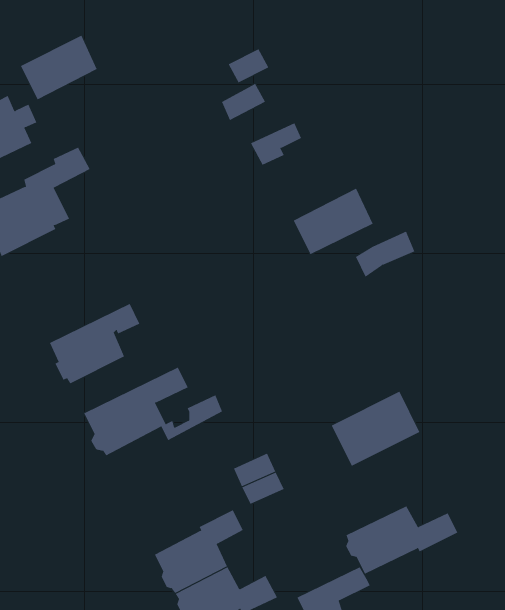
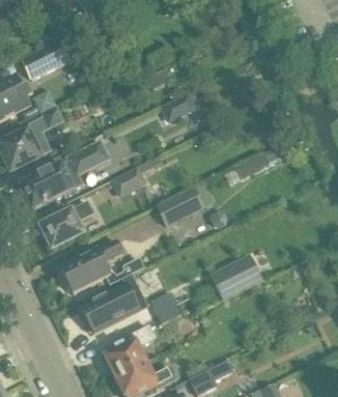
building: [293,188,374,255] -> [156,185,204,225]
building: none -> [21,140,110,209]
building: none -> [111,164,147,197]
building: none -> [82,273,147,331]
building: [346,505,458,575] -> none

